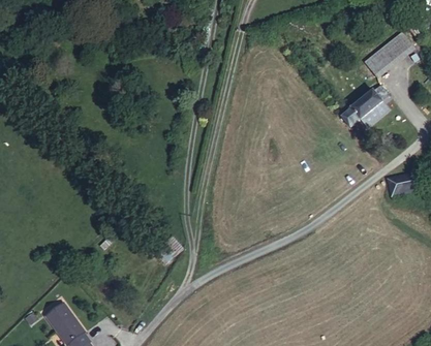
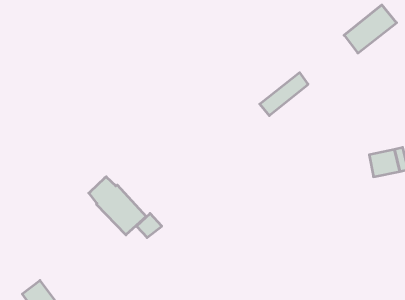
building: [340,84,388,126] -> [260,73,308,116]
building: none -> [89,177,146,235]

